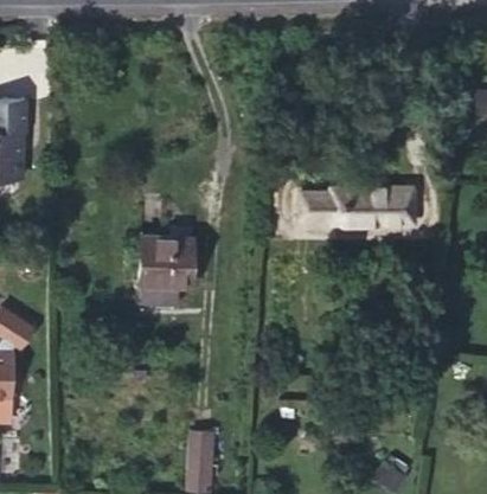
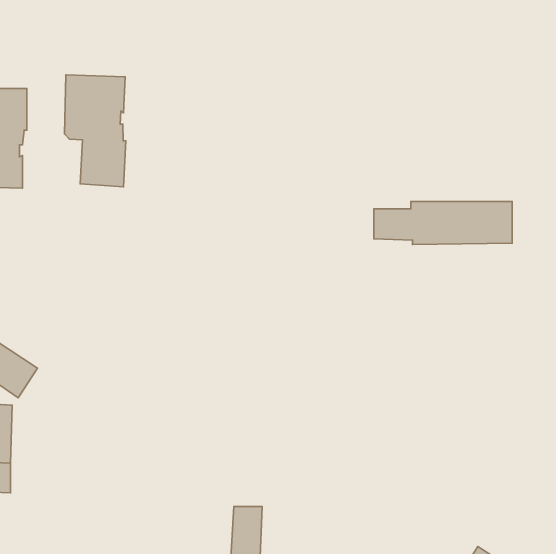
building: none -> [64,75,126,187]
building: [139,229,194,307] -> none

